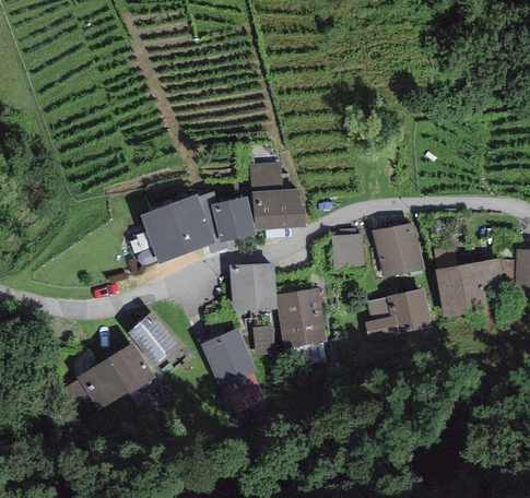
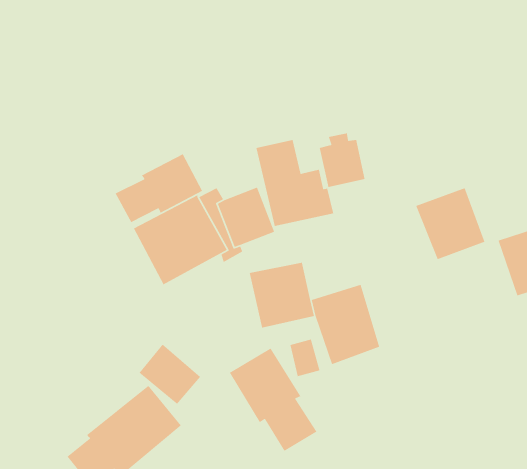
building: none -> [115,153,203,223]
building: [331,227,365,270] -> [319,132,366,188]
building: [365,288,433,341] -> none

